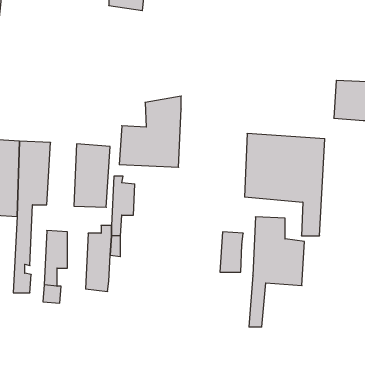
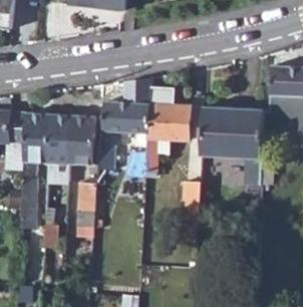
building: none -> [47,112,70,162]
building: [249,217,304,327] -> [146,86,190,172]

